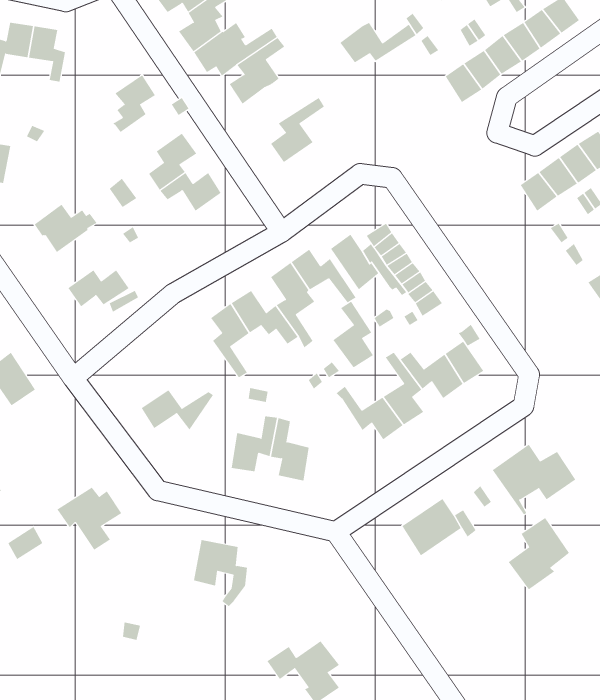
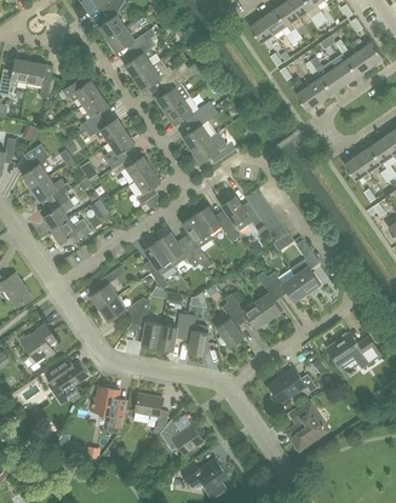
building: [340,22,417,63] -> [163,98,213,125]
building: none -> [62,73,99,104]
building: none -> [85,116,125,142]
building: none -> [190,136,234,164]
building: none -> [22,143,48,189]
building: none -> [133,168,161,207]
building: none -> [38,193,74,230]
building: [333,301,374,368] -> [216,302,242,345]
building: none -> [90,264,125,308]
building: none -> [126,299,160,347]
building: none -> [21,324,54,365]
building: [508,517,570,590] -> [285,402,325,450]
building: none -> [90,385,125,434]
building: none -> [159,418,202,457]

